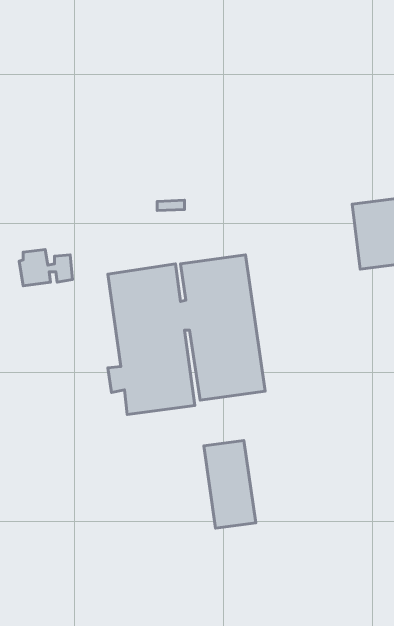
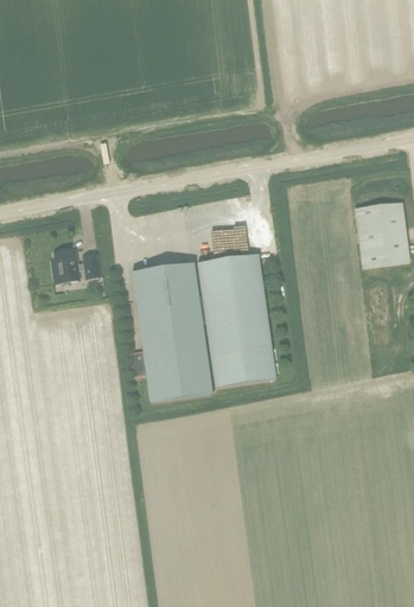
building: [204,440,256,528] -> none

